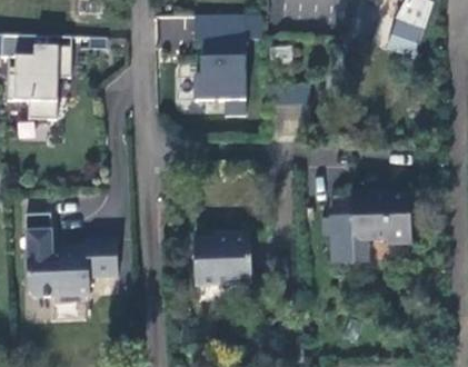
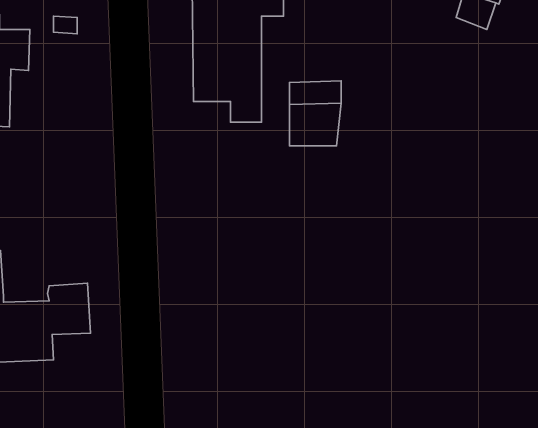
building: [333,191,412,261] -> none
building: [197,234,255,285] -> none

